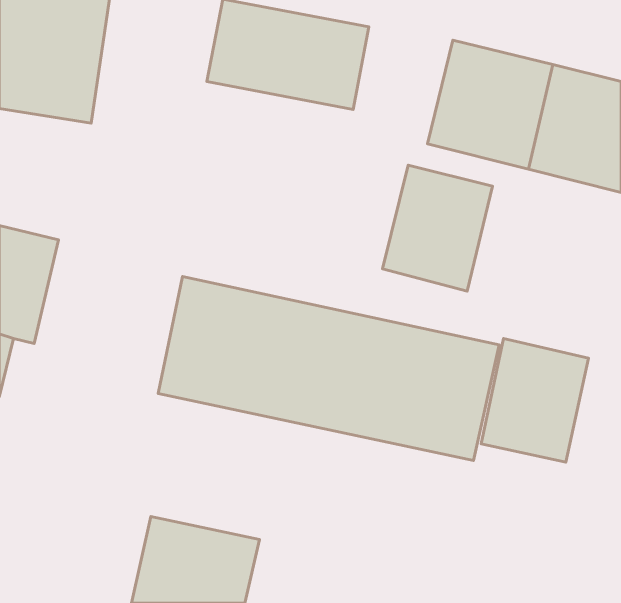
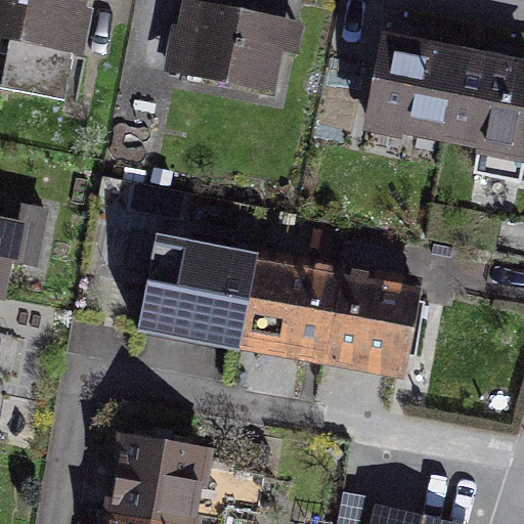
building: [382,165,493,291] -> none
building: [481,338,588,462] -> none

